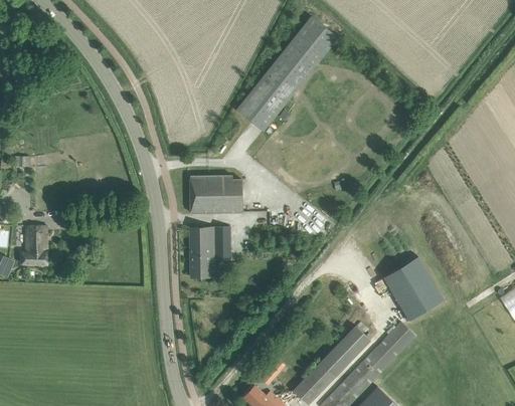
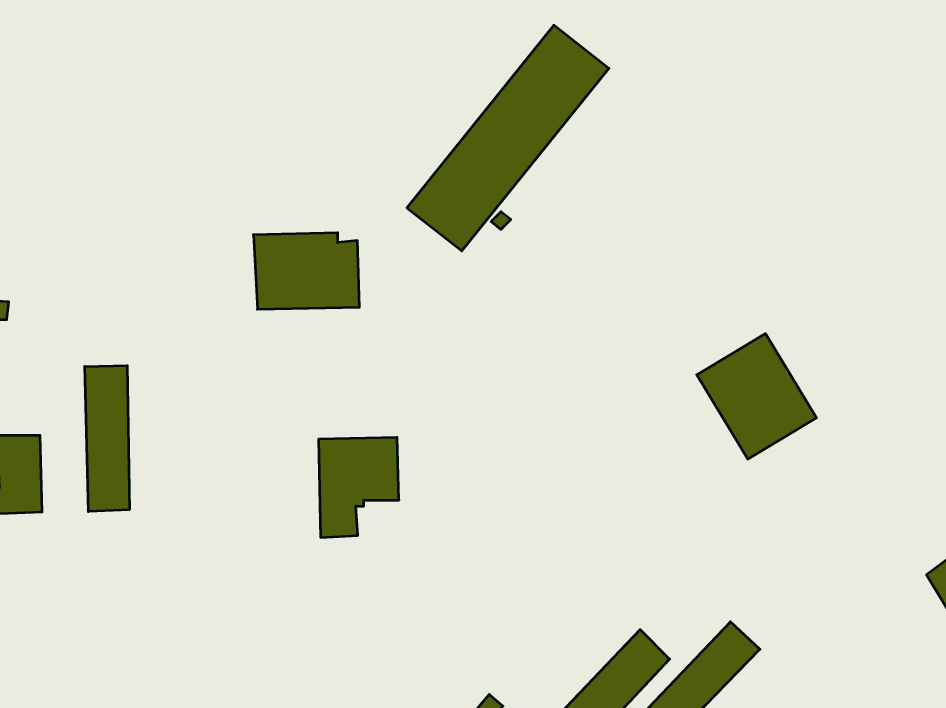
building: [189,174,243,213] -> [253,233,359,309]
building: none -> [85,366,129,512]
building: [382,256,444,321] -> [697,334,816,459]

